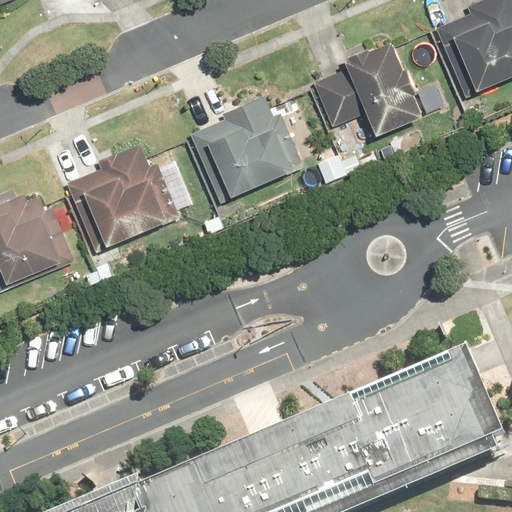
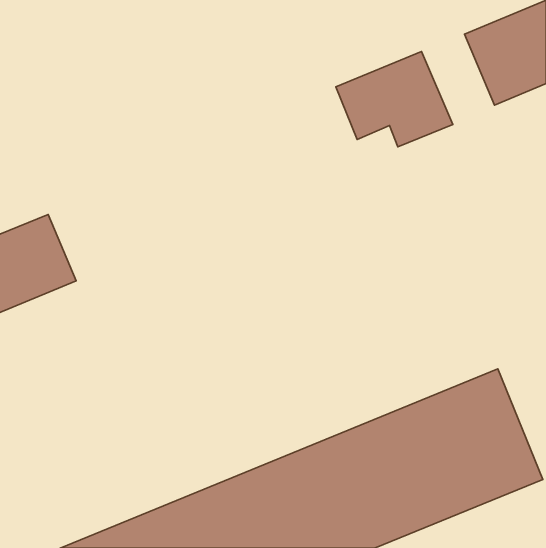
building: [192,106,303,201] -> none
building: [71,152,179,253] -> none

